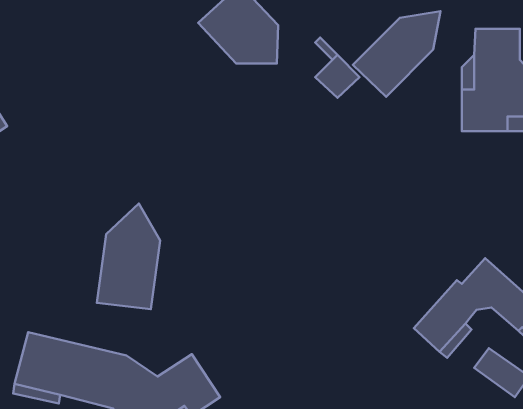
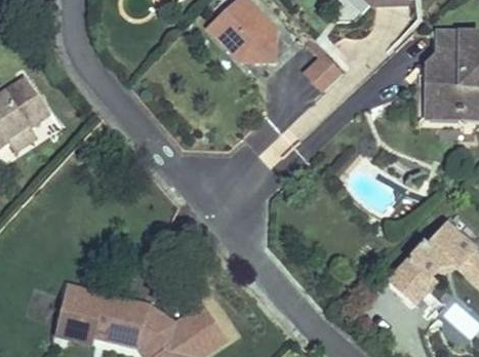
building: [353,11,440,97] -> none
building: [97,204,160,309] -> none

